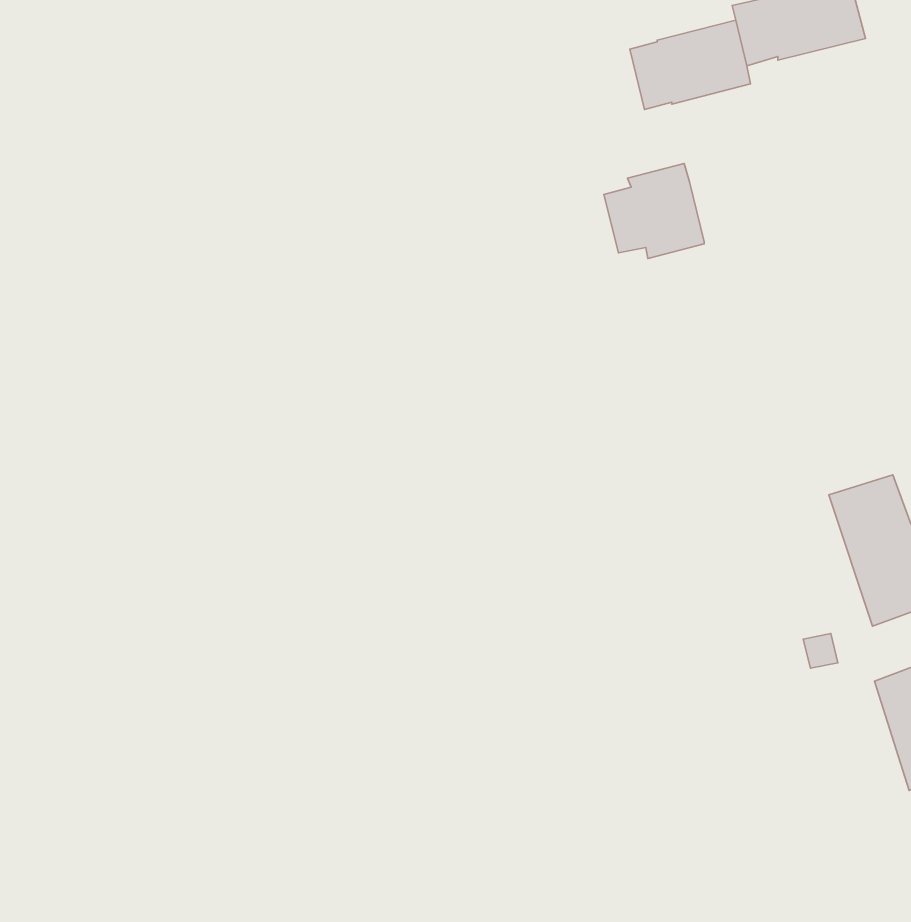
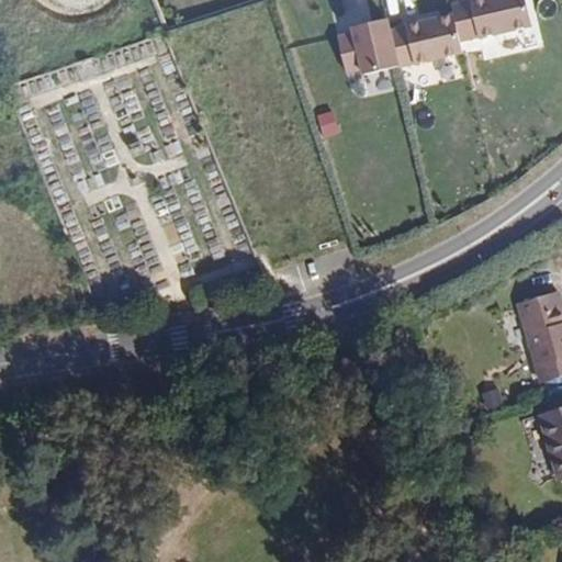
building: [604,163,704,258] -> [340,19,401,76]

